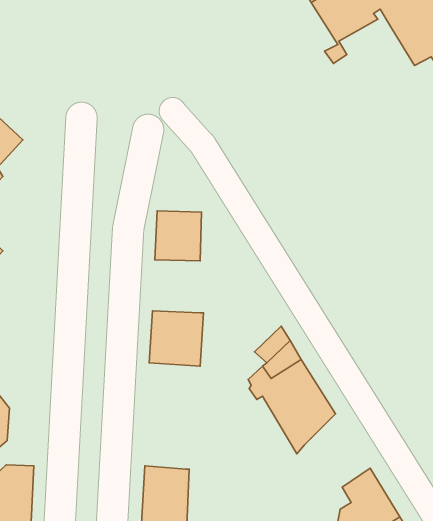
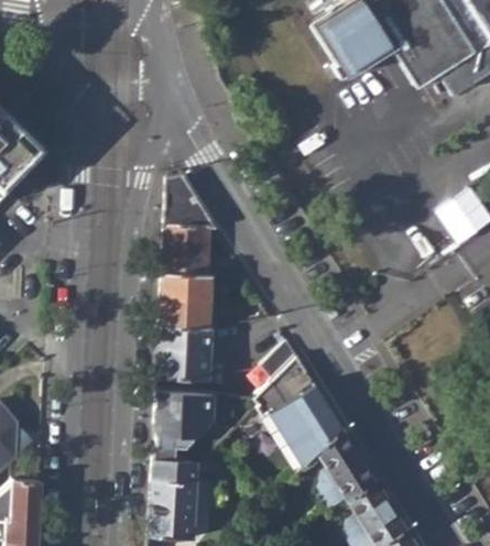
building: none -> [165,175,218,229]
building: none -> [161,275,211,328]
building: none -> [153,392,215,483]
building: none -> [318,428,377,512]

